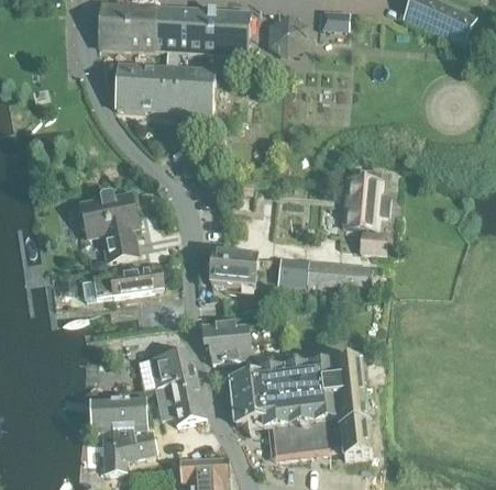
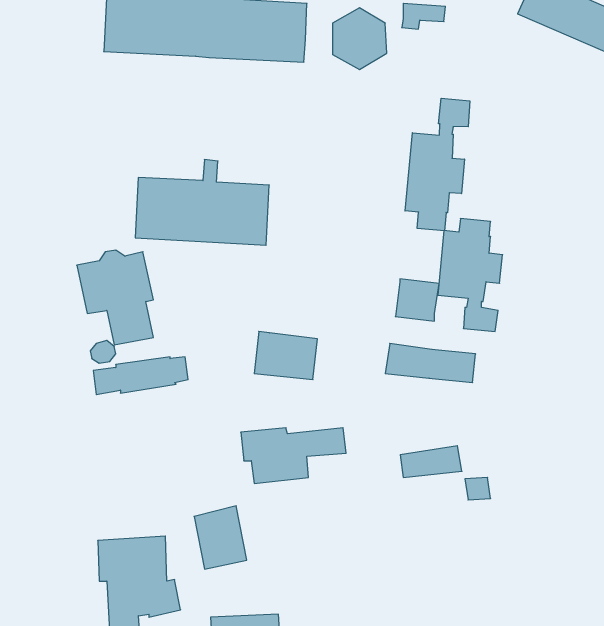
building: [115,49,213,112] -> [135,160,269,245]
building: none -> [405,98,470,231]
building: [276,256,308,287] -> [395,279,439,321]
building: [136,350,196,390] -> none
building: [228,365,368,458] -> none

